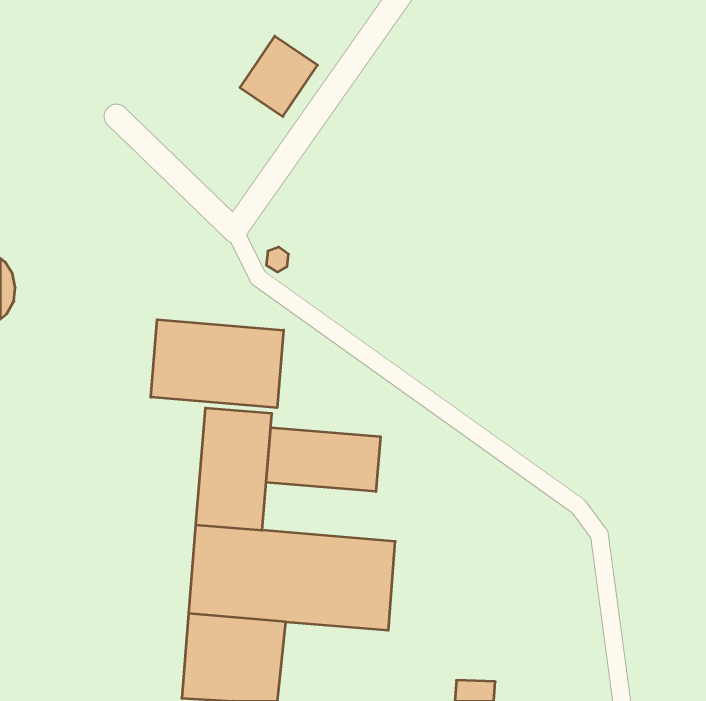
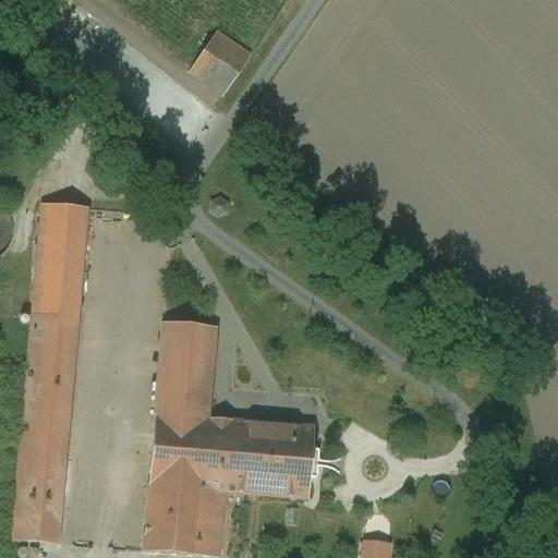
building: none -> [13,202,88,542]
building: [151,320,284,408] -> none
building: [266,427,381,492] -> none

